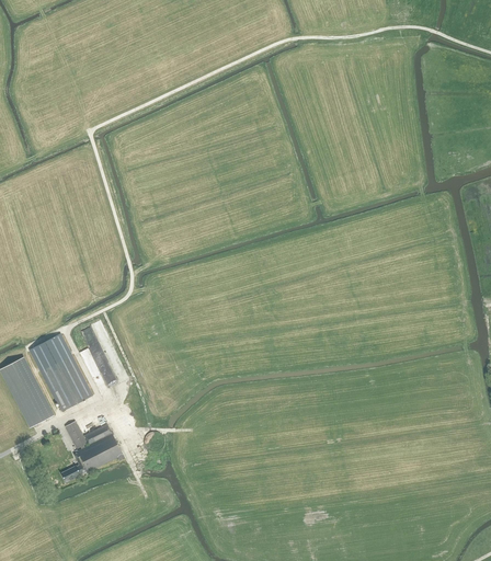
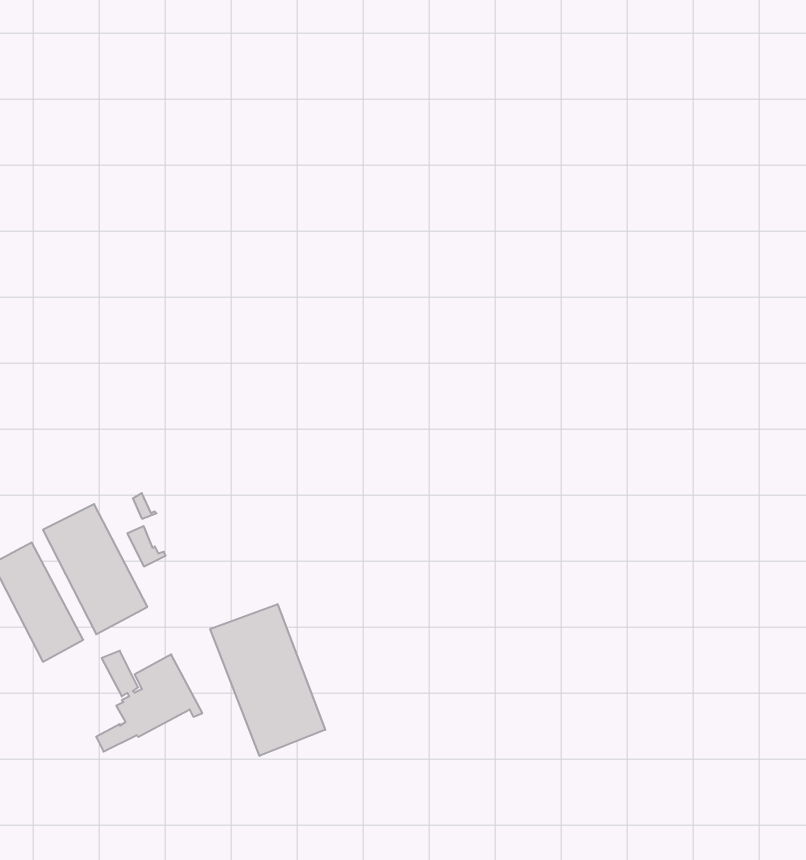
building: none -> [210,604,325,756]

